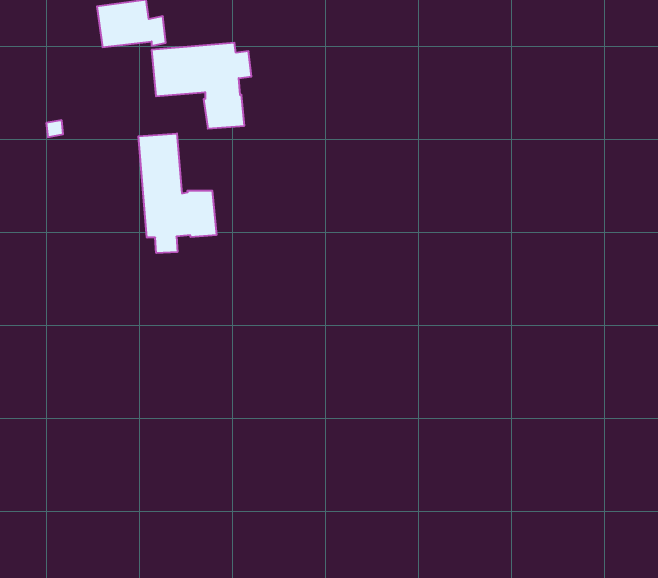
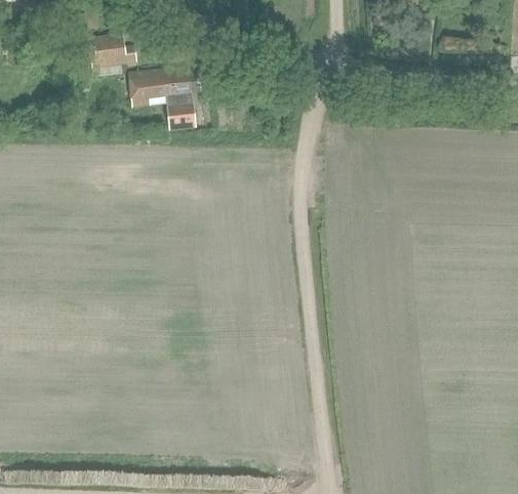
building: [138,133,216,253] -> none

